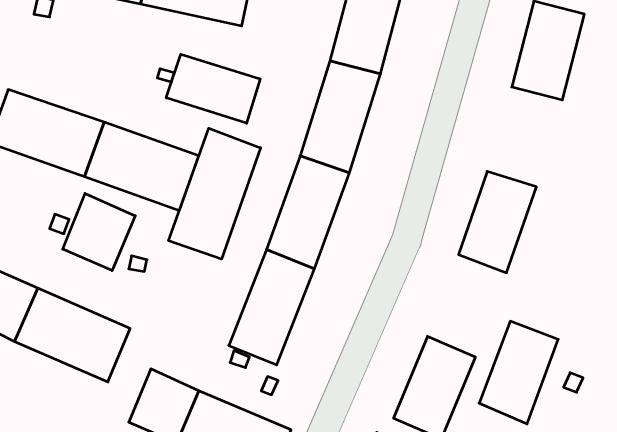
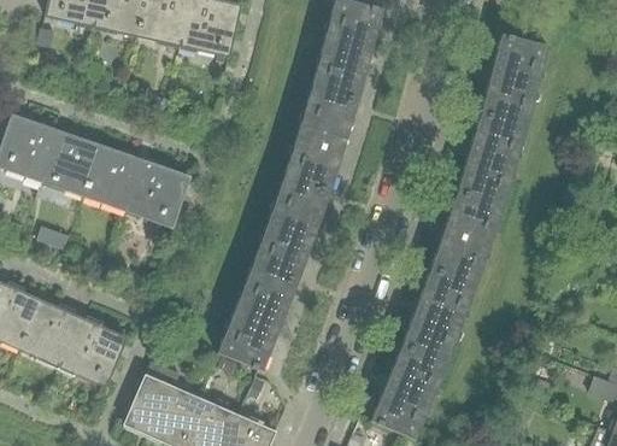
building: [166,54,260,123] -> none
building: none -> [458,113,528,206]
building: [169,128,261,259] -> none
building: [63,193,135,271] -> none
building: [479,321,558,424] -> [402,269,476,364]

